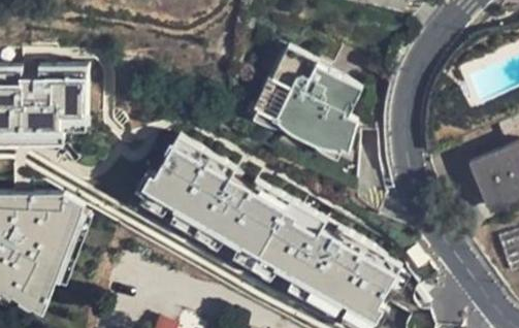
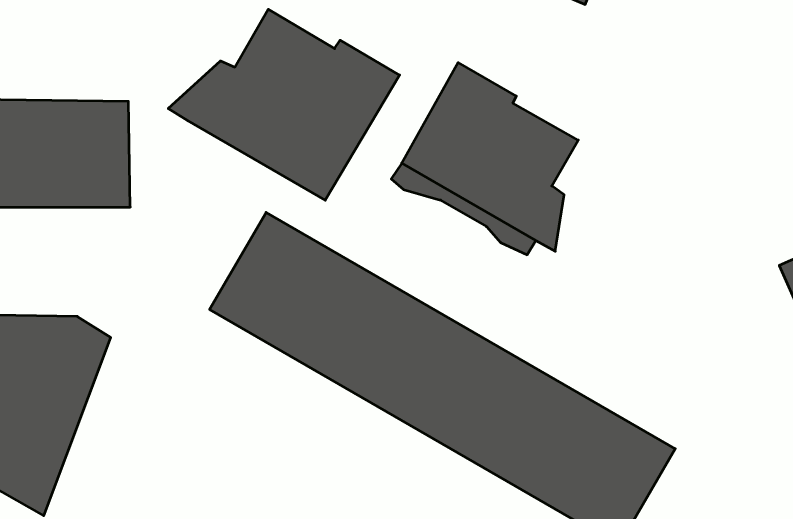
building: none -> [168,9,400,200]

